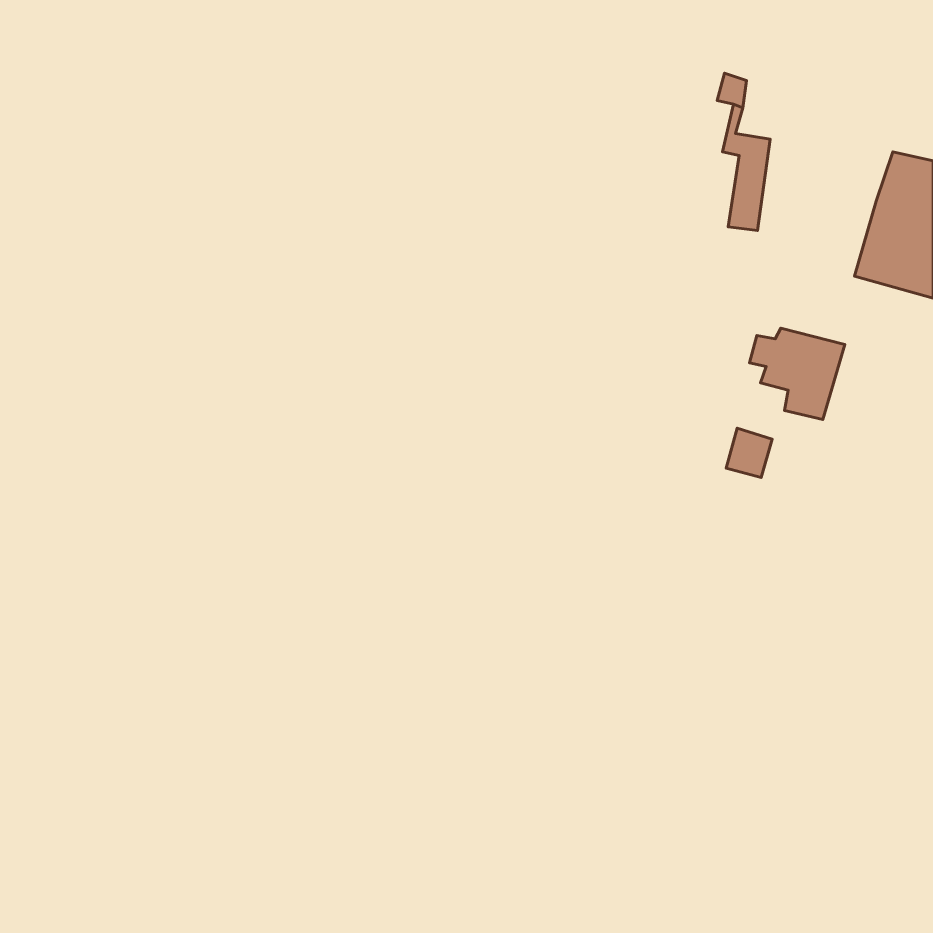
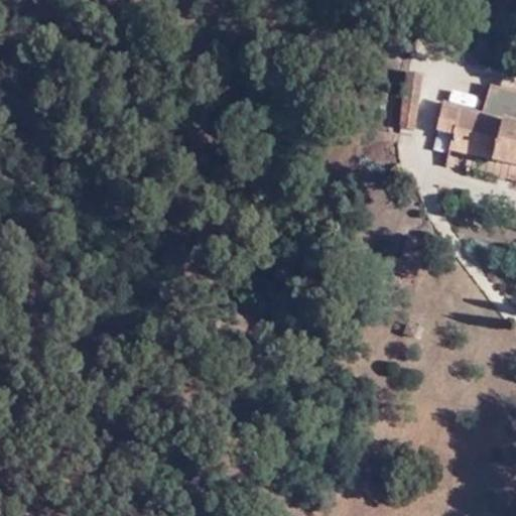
building: [750,328,845,419] -> [430,103,483,153]

